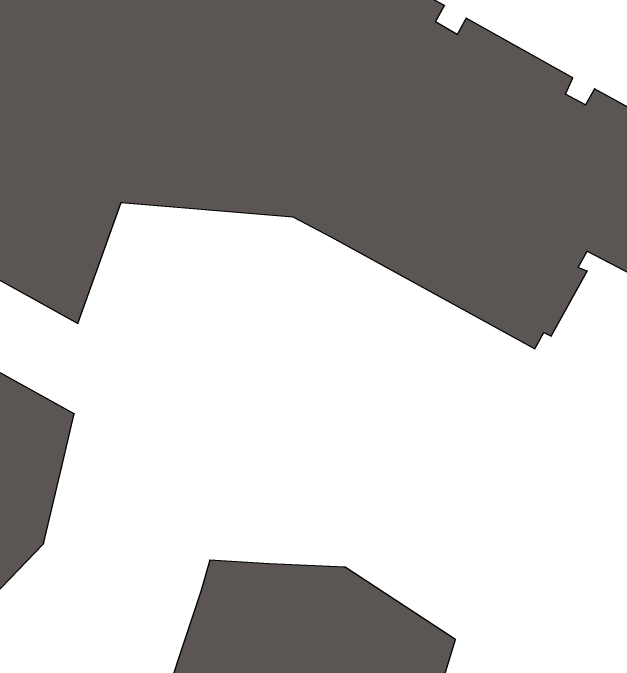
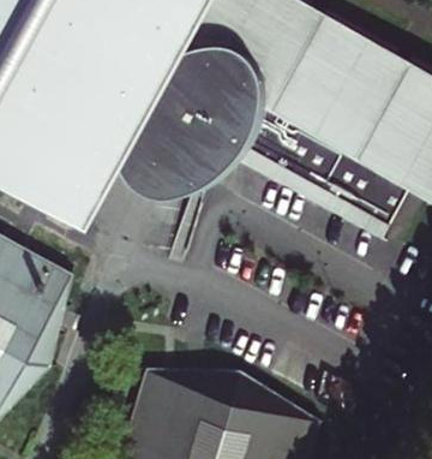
building: none -> [66,136,234,223]

